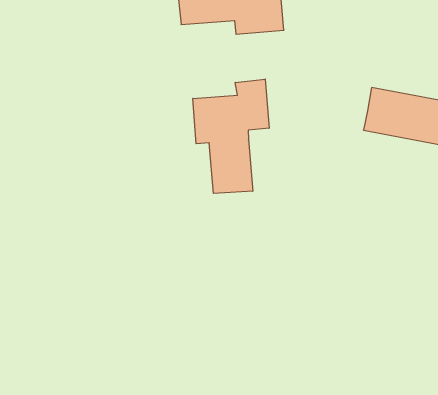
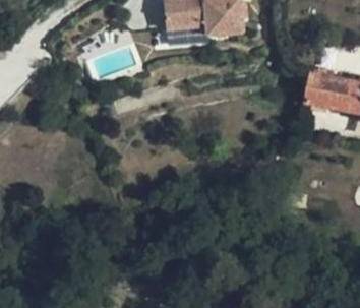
building: [193,79,269,193] -> none

